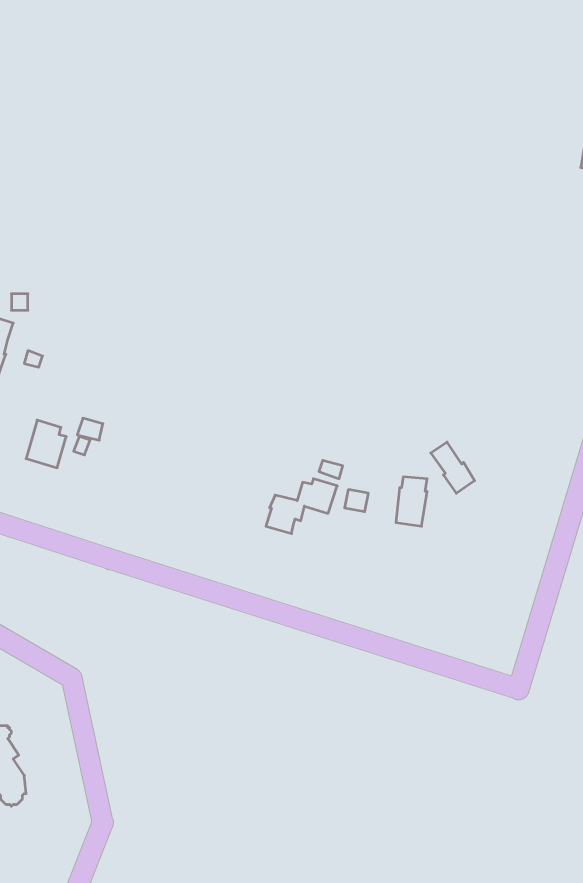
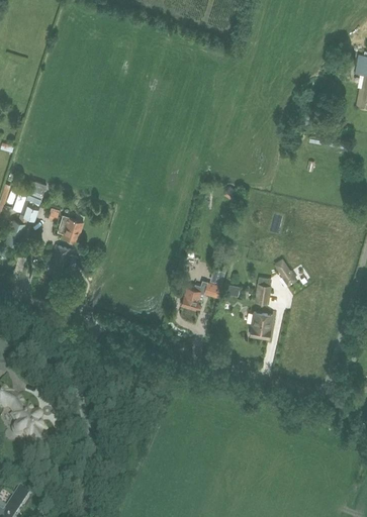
building: none -> [57,215,83,240]
building: none -> [250,311,273,338]

